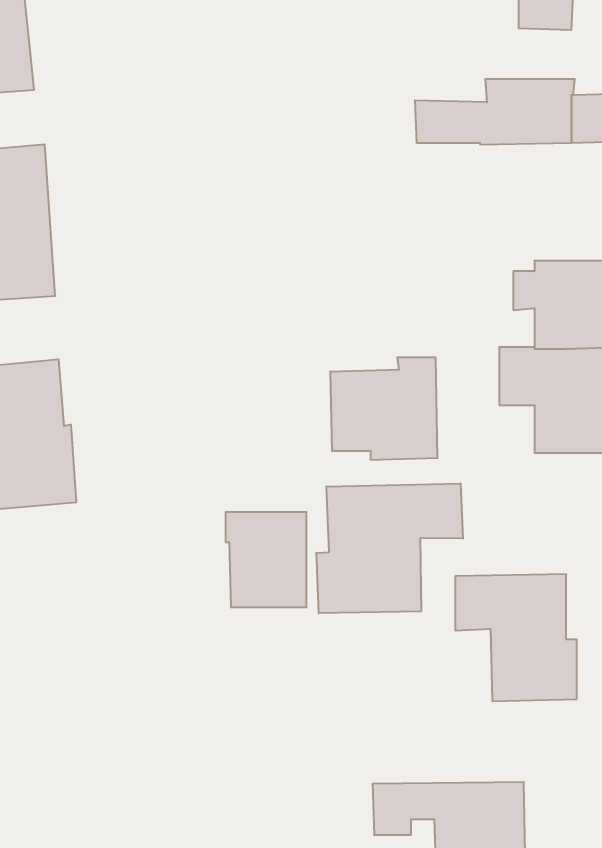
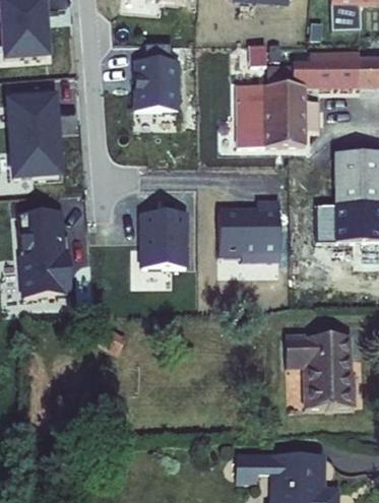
building: none -> [146,45,190,111]
building: none -> [235,85,304,142]
building: [316,483,463,613] -> none
building: [226,512,307,607] -> [139,212,186,267]

